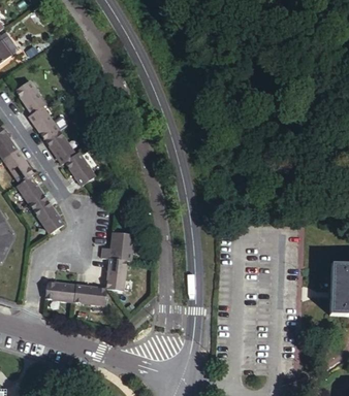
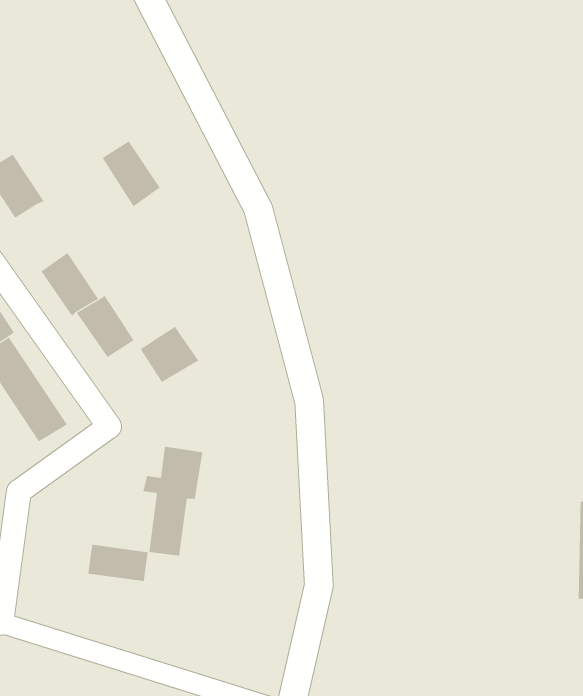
building: [31,108,62,143] -> [102,140,161,207]
building: none -> [140,326,199,383]
building: [42,283,74,302] -> none

